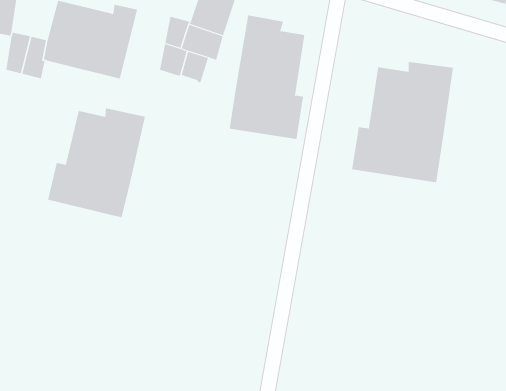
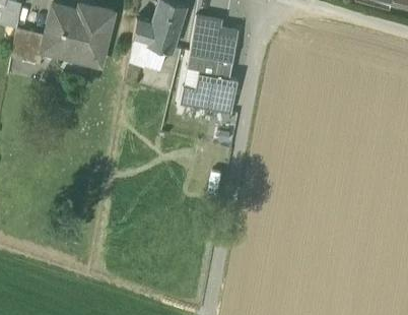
building: [352,61,453,183] -> none
building: [47,107,145,218] -> none

